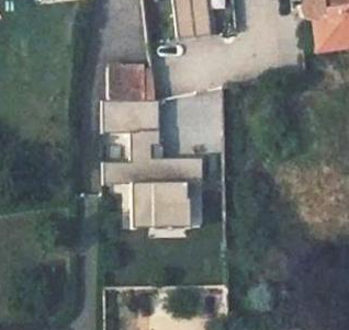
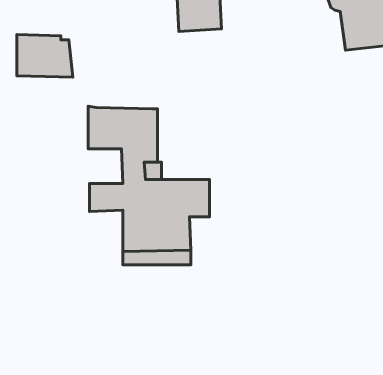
building: [110,65,156,100] -> [17,35,73,77]

